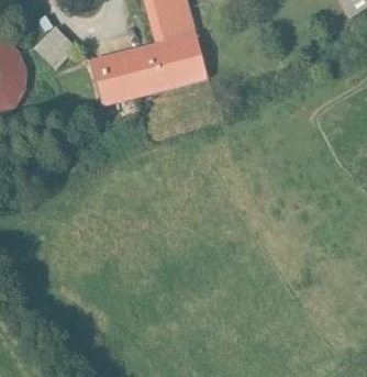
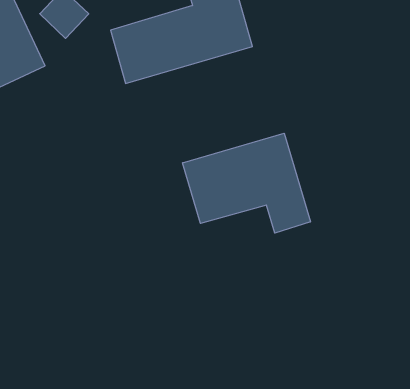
building: none -> [183,133,310,233]

